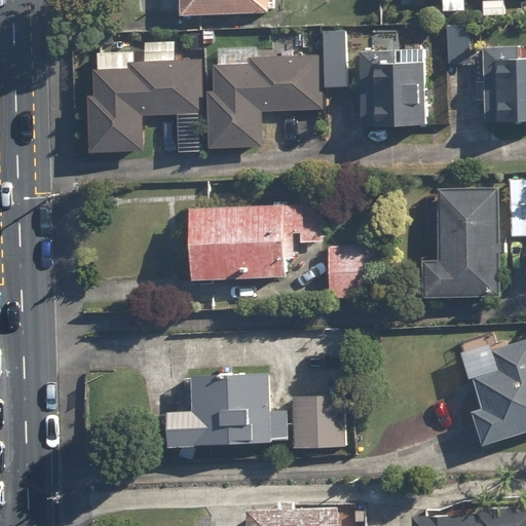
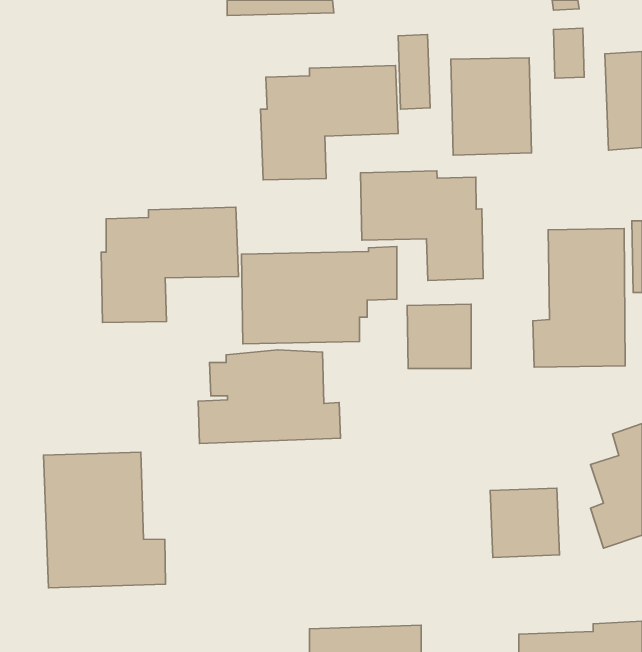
building: [89,60,199,152] -> [101,207,238,323]
building: none -> [361,171,483,281]
building: none -> [44,452,165,588]
building: [170,368,284,443] -> [198,350,341,443]
building: [287,394,342,450] -> [490,488,559,557]

